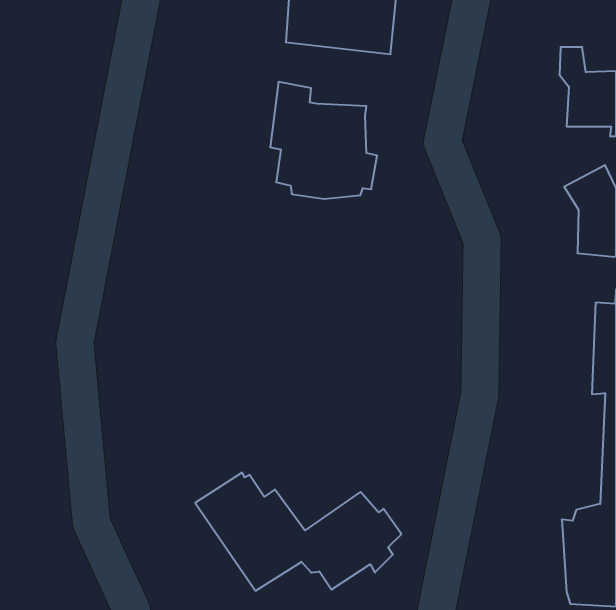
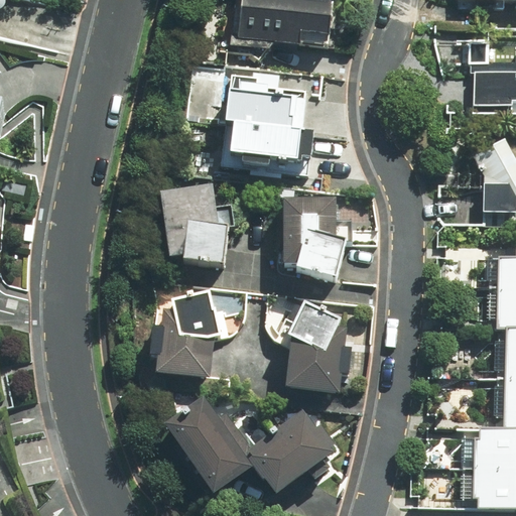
building: none -> [160,184,236,264]
building: none -> [283,198,354,280]
building: none -> [151,289,231,379]
building: none -> [285,301,348,393]

